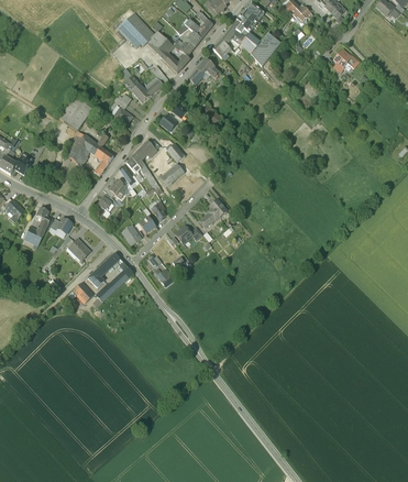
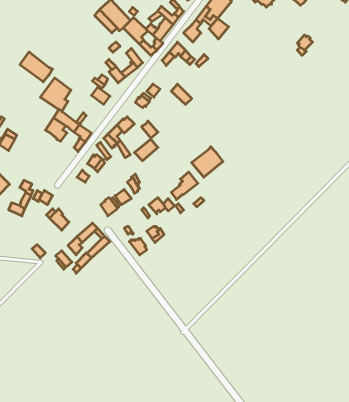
building: [250,33,279,66] -> none
building: none -> [20,52,53,82]
building: none -> [192,147,223,177]

